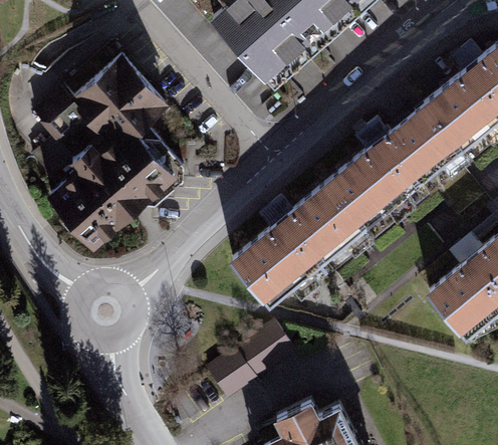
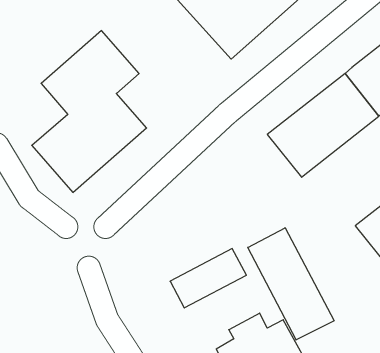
building: [227,182,361,306] -> none
building: none -> [248,228,334,340]

